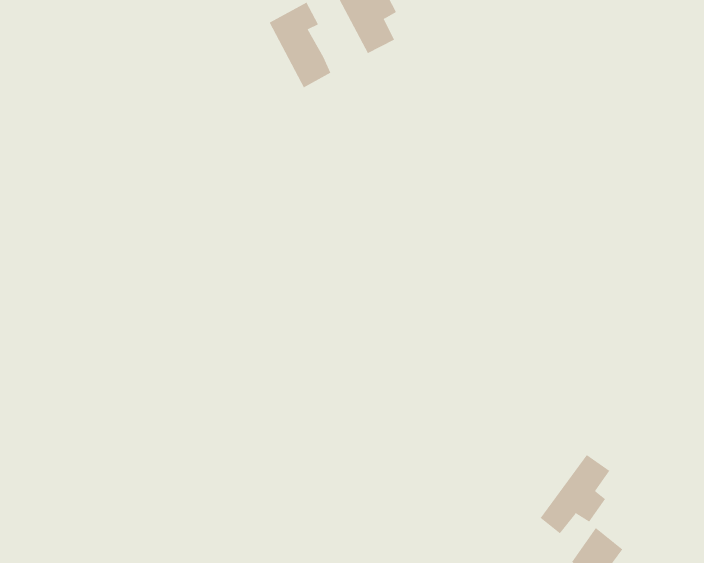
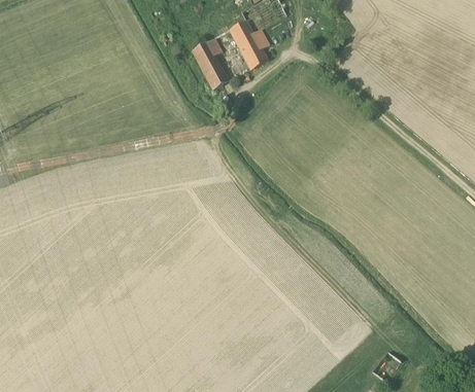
building: [540,454,610,534] -> none

